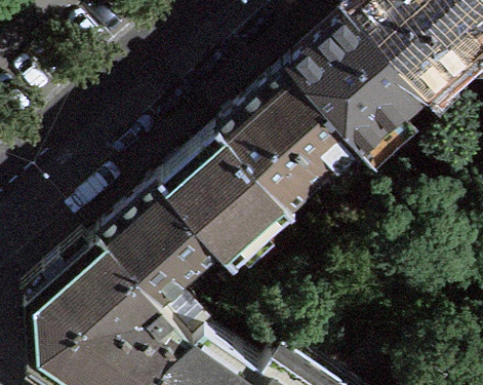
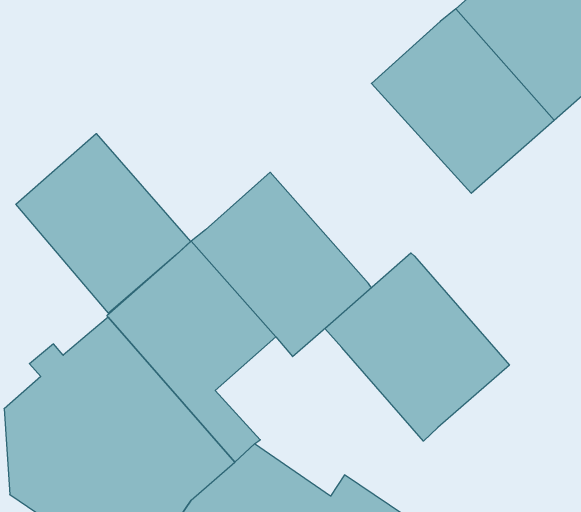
building: [228,64,374,209] -> none
building: none -> [16,134,191,313]
building: none -> [325,253,509,441]

